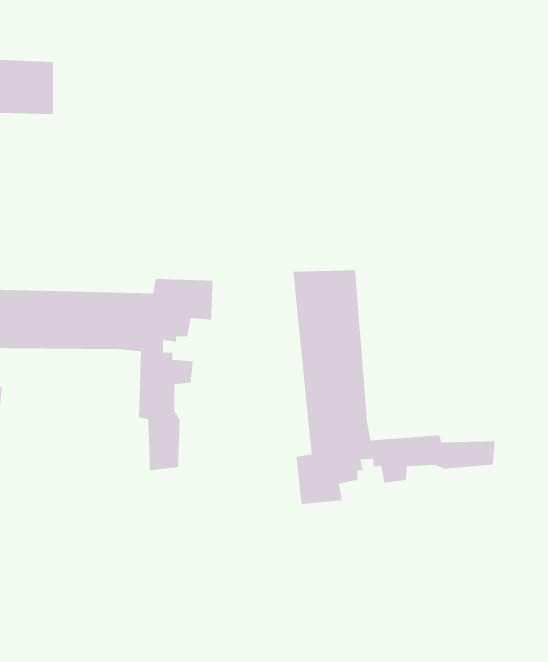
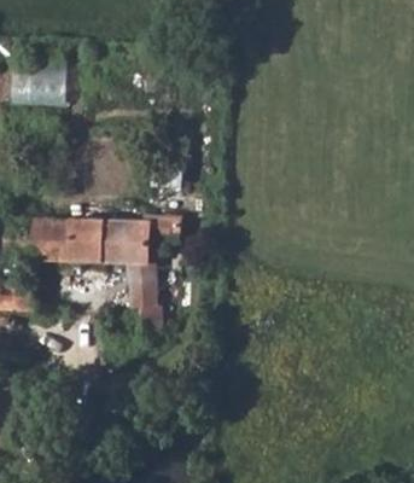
building: [293,269,496,505] -> none

